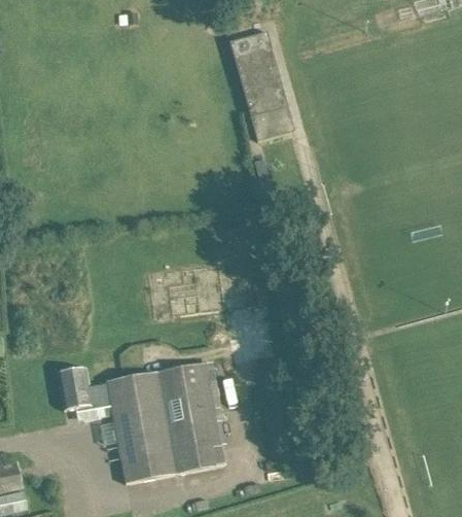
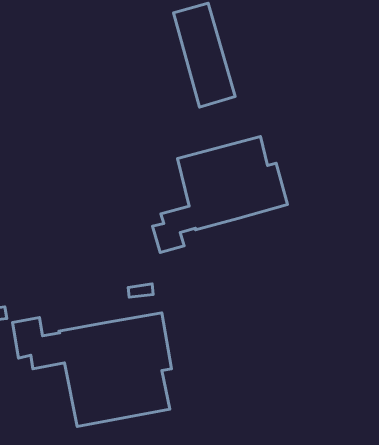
building: none -> [153,137,288,252]

